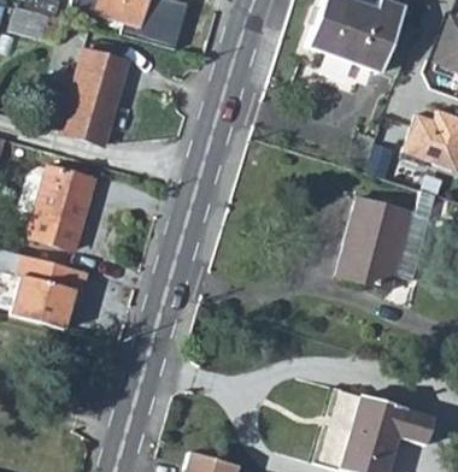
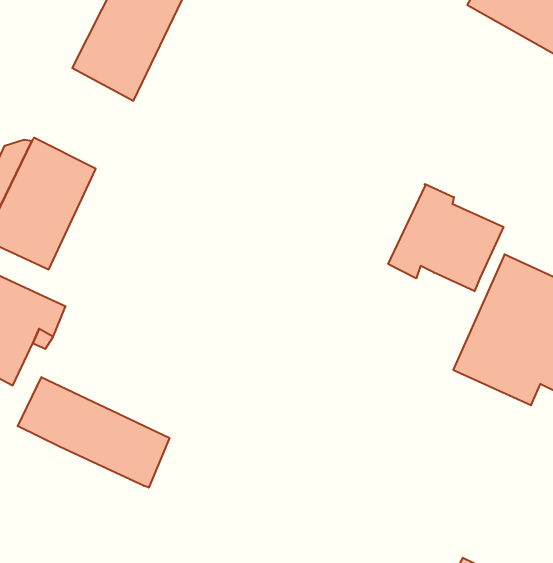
building: none -> [388,184,504,291]
building: none -> [18,377,169,488]

